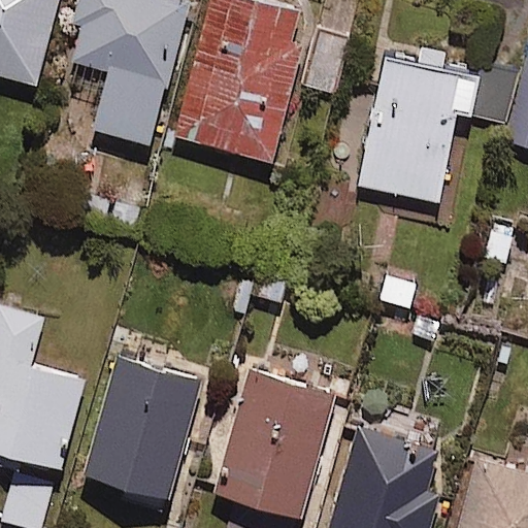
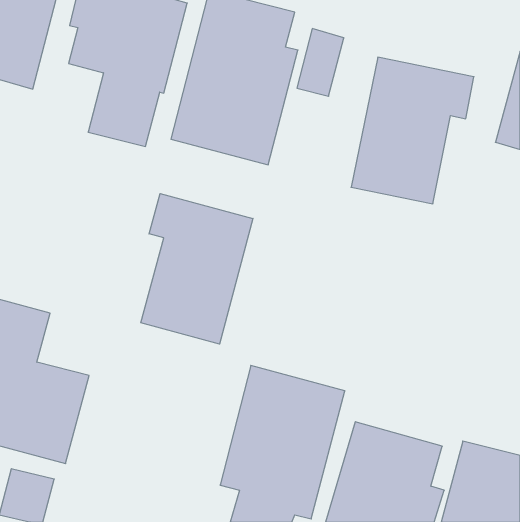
building: none -> [141,194,253,344]
building: [88,357,208,499] -> none

